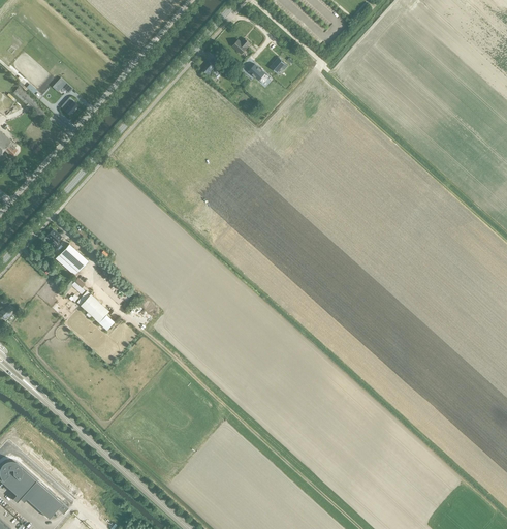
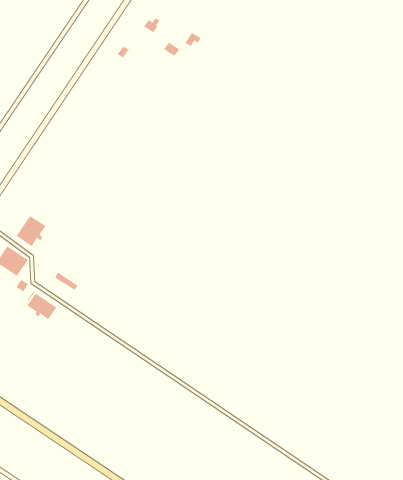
building: none -> [16,215,46,247]

